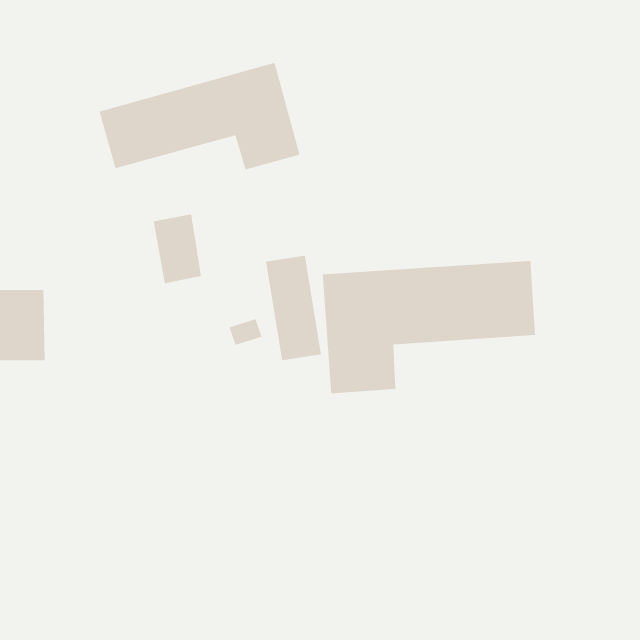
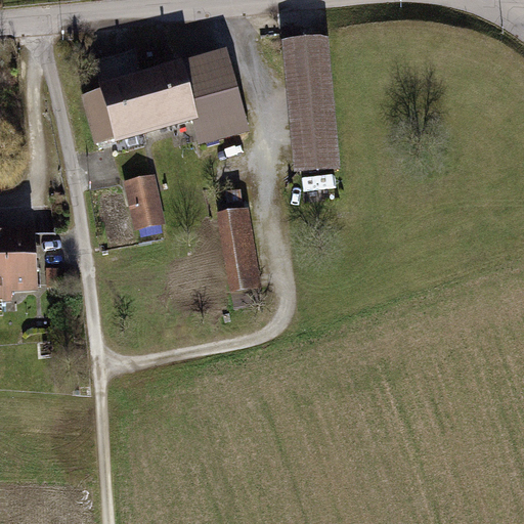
building: none -> [283,43,340,172]
building: [322,260,536,394] -> none

